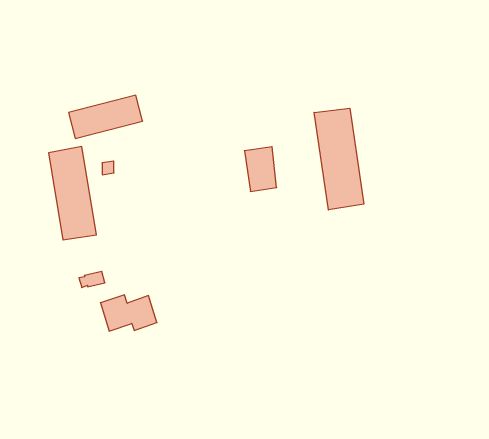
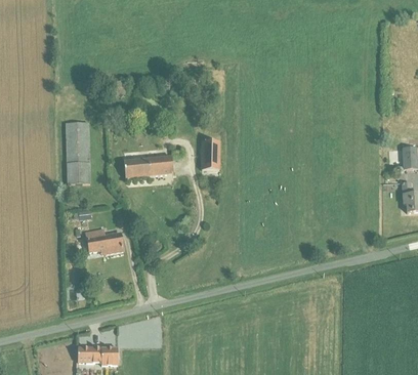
building: [69,95,143,138] -> [123,154,173,177]
building: [314,108,364,210] -> none

